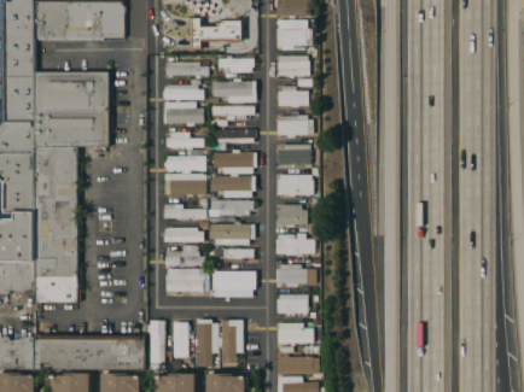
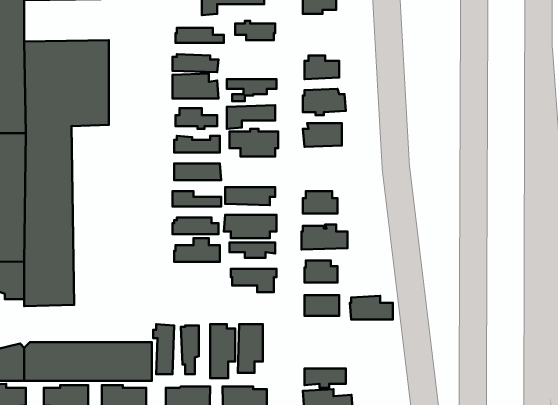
building: [275,55,308,75] -> none
building: [210,81,254,103] -> none
building: [275,174,313,194] -> none
building: [209,176,252,198] -> none
building: [164,268,206,291] -> none
building: [275,322,313,343] -> [350,296,393,320]

